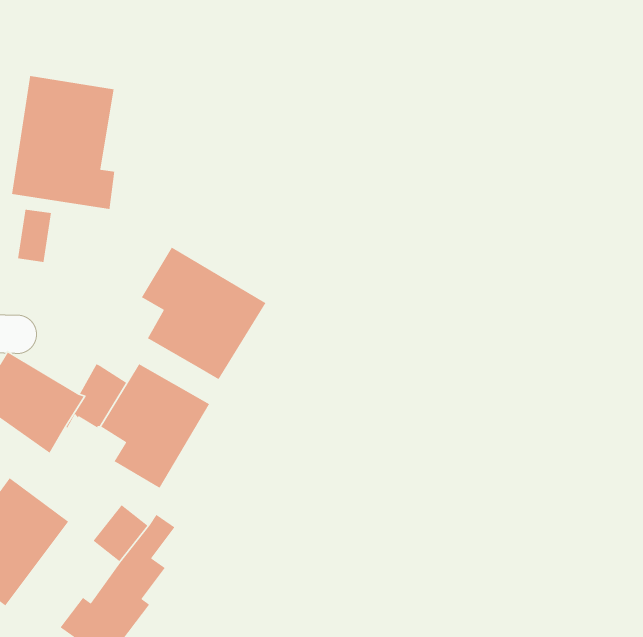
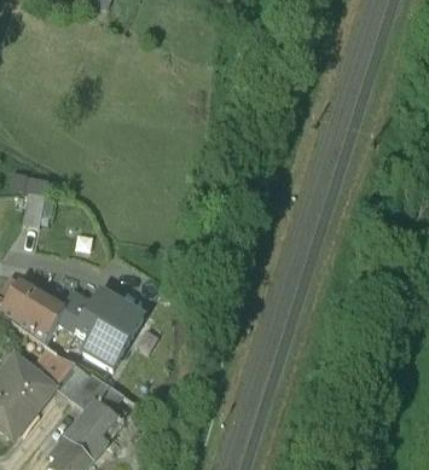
building: [11,75,115,210] -> none
building: [141,247,266,380] -> none

